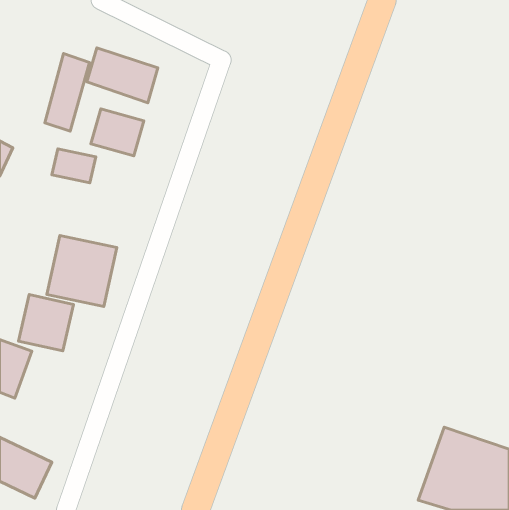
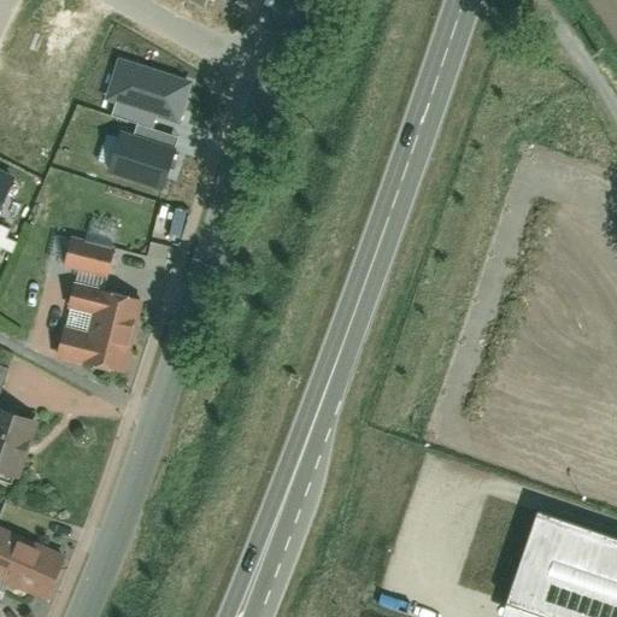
building: [45,53,89,131] -> none
building: [52,149,96,183] -> [63,236,116,277]
building: [18,295,74,351] -> none

